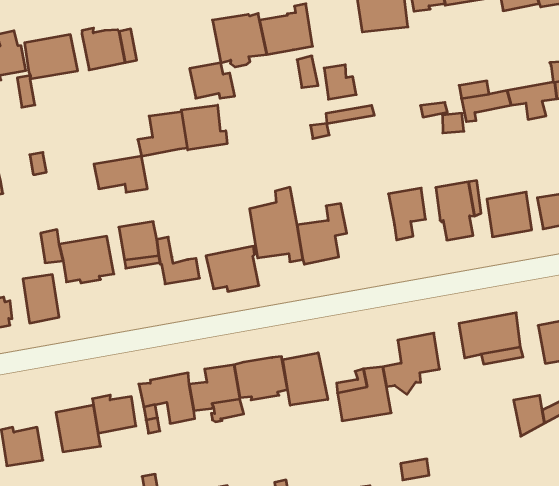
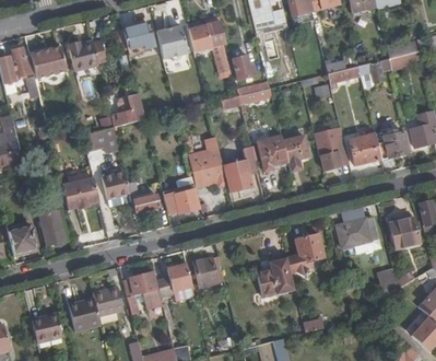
building: [190,63,235,98] -> [122,23,154,48]
building: [181,105,227,150] -> none
building: none -> [257,135,287,171]
building: [283,353,328,405] -> none

